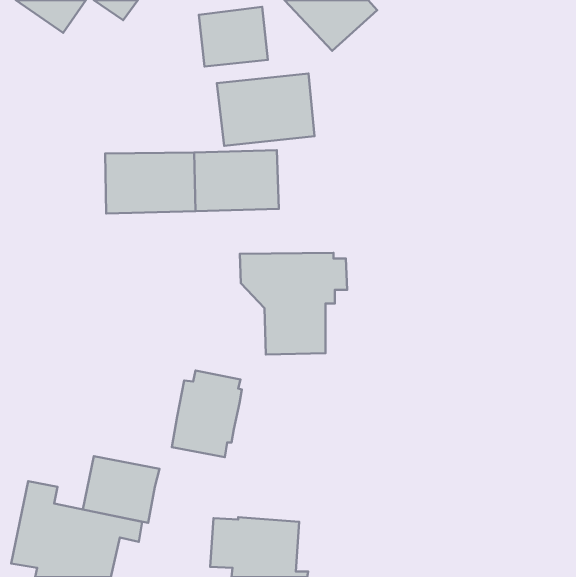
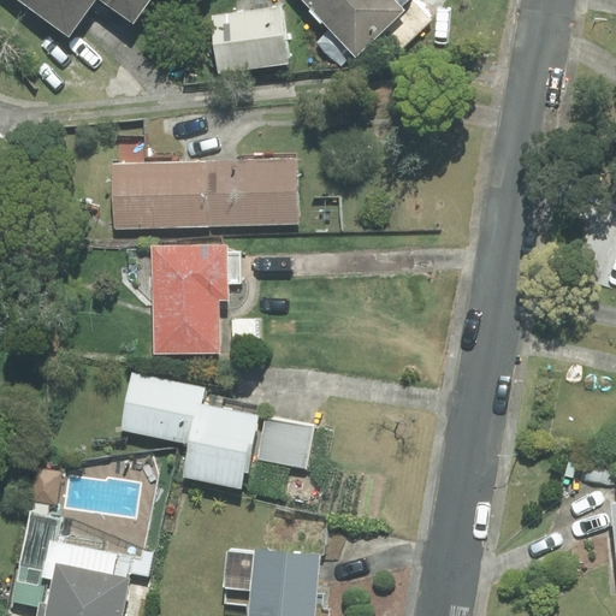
building: [217,73,314,146] -> none
building: [240,253,347,354] -> [126,245,241,354]
building: none -> [249,420,312,468]
building: [83,456,159,523] -> [119,373,201,444]

